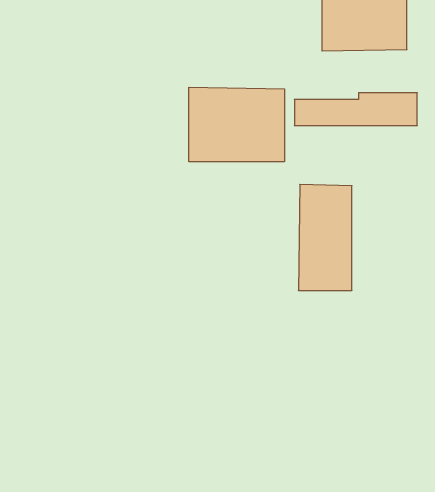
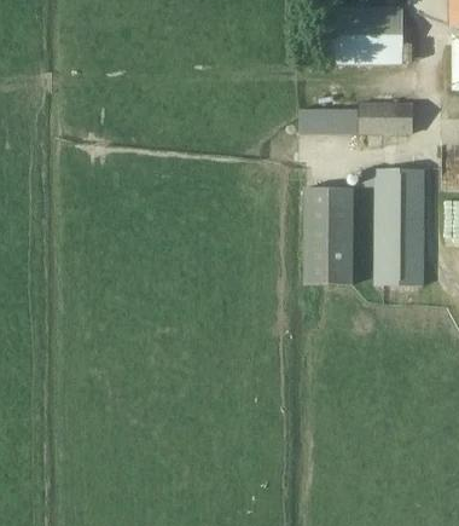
building: [189,87,284,162] -> none
building: none -> [364,168,424,285]

